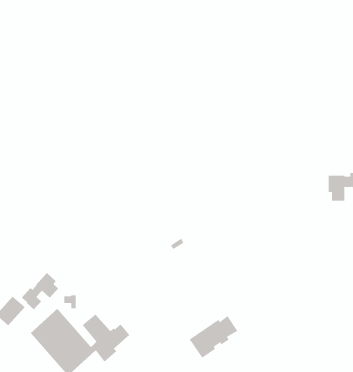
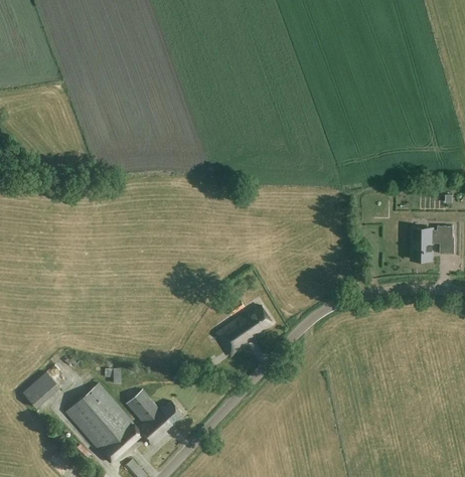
building: [21,272,59,310] -> none
building: [189,315,238,359] -> [216,305,274,355]

